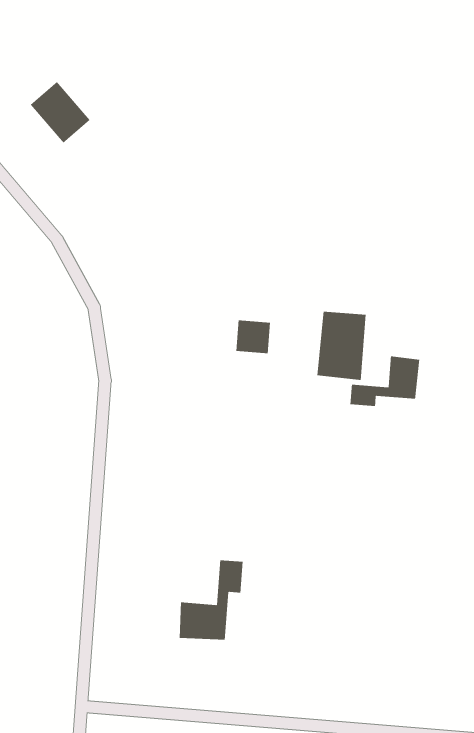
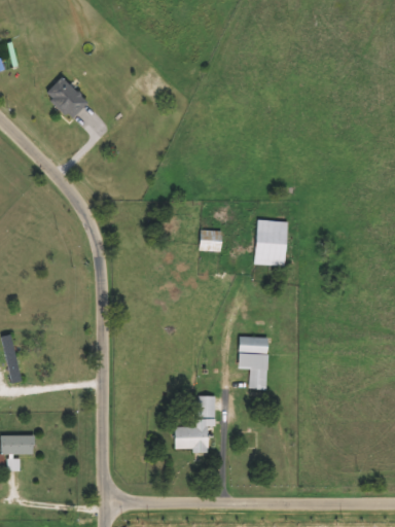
building: [350,356,420,407] -> none
building: none -> [238,336,268,389]

